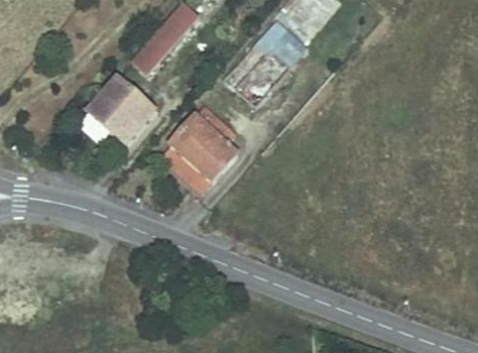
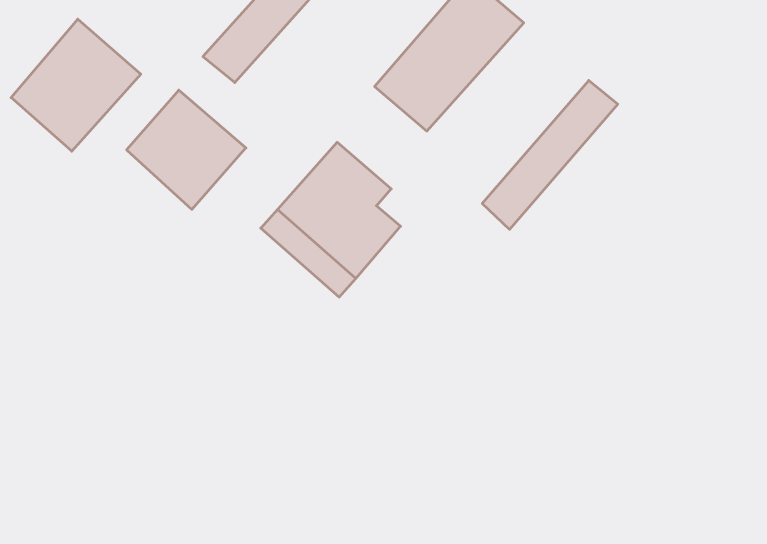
building: none -> [11,19,141,151]
building: none -> [482,80,618,229]

